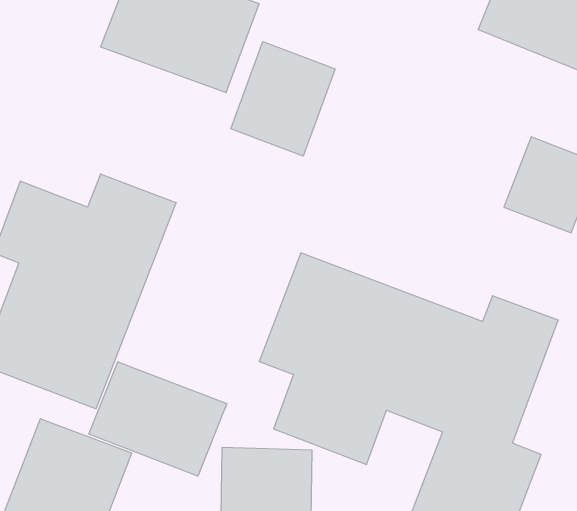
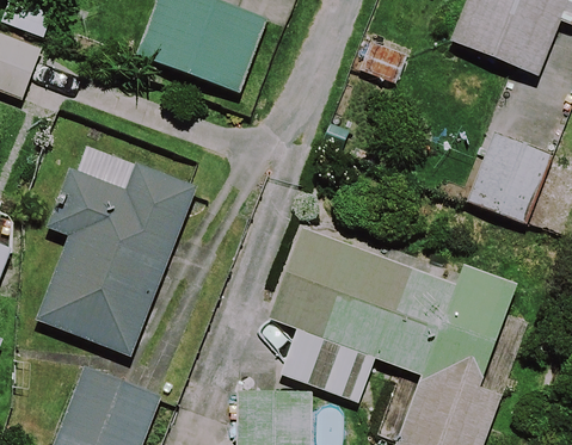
building: [231,42,335,156] -> none
building: [89,362,227,476] -> none

